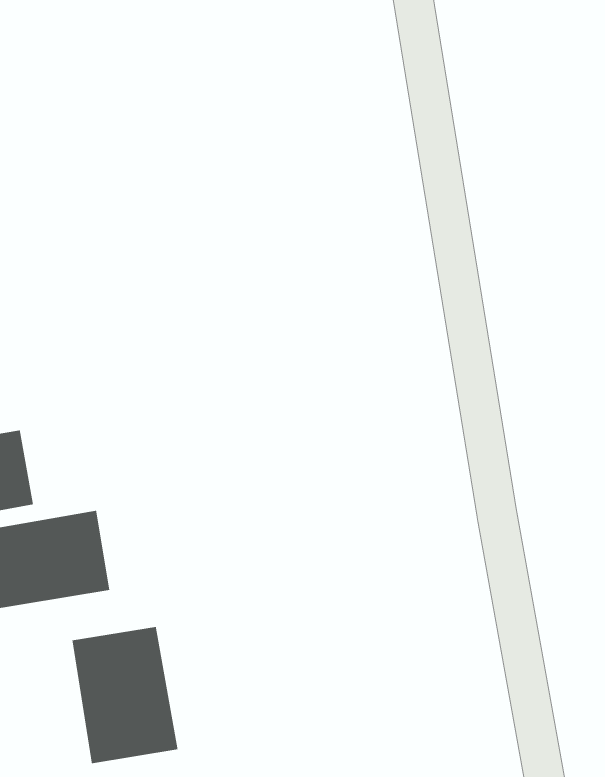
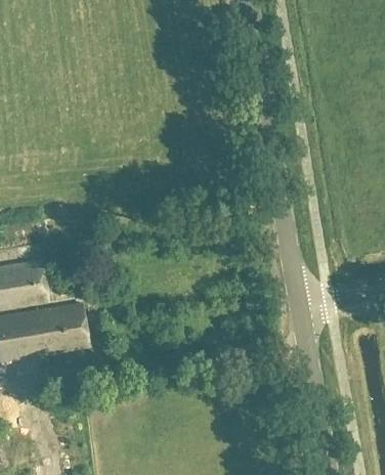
building: [72,626,178,764] -> none

